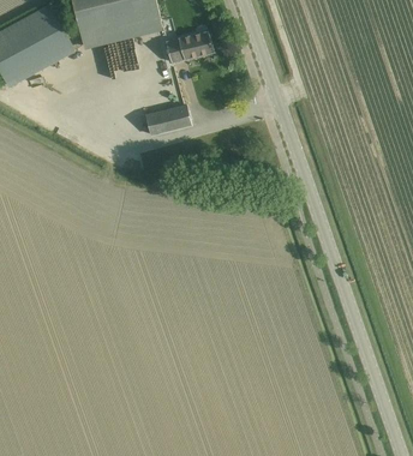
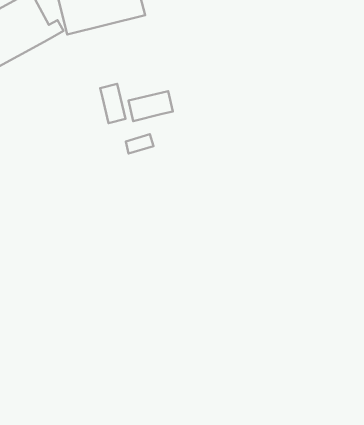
building: [166,32,213,62] -> none
building: none -> [100,84,126,123]

